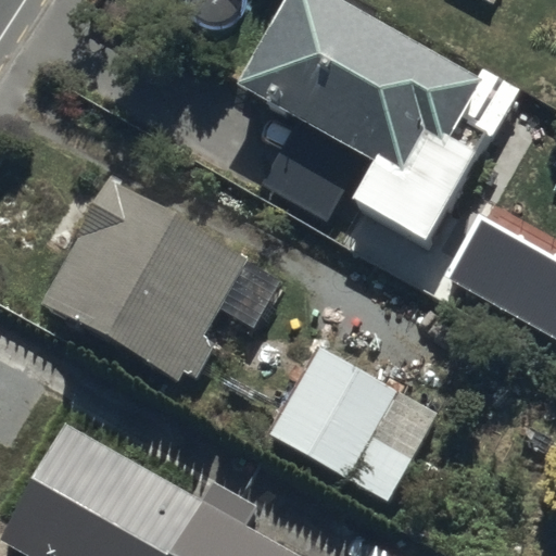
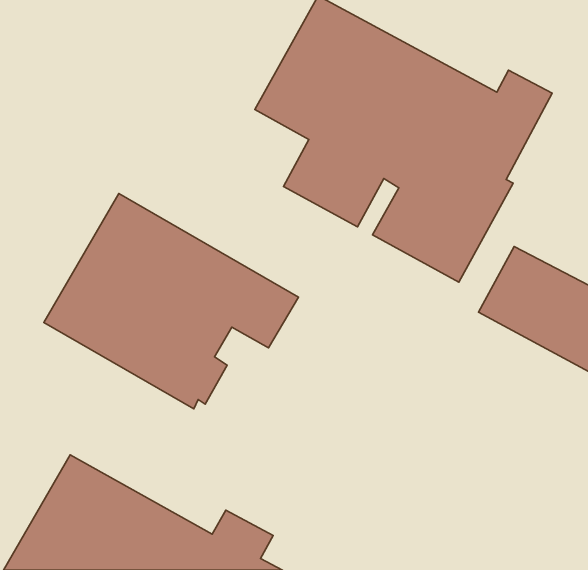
building: [269,350,439,505] -> none

